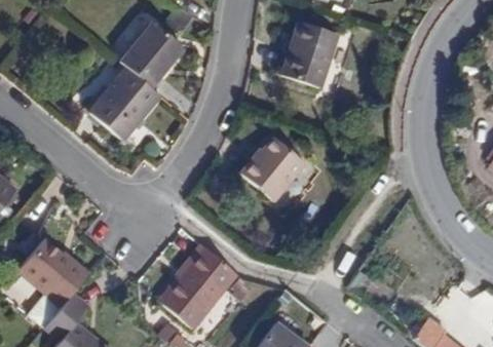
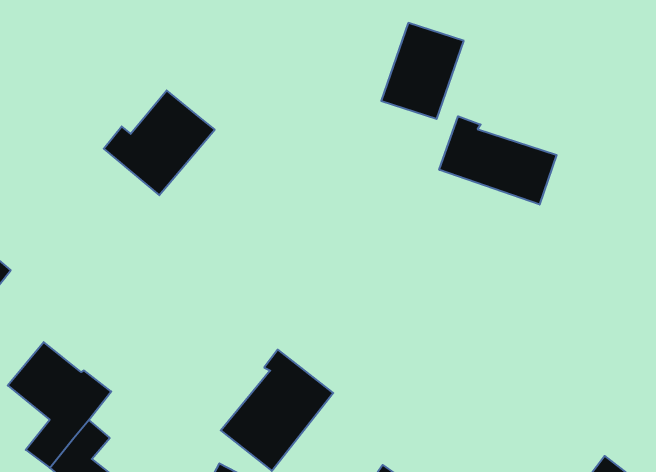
building: [118,21,183,85] -> none
building: none -> [439,116,557,205]
building: [245,142,308,202] -> none

